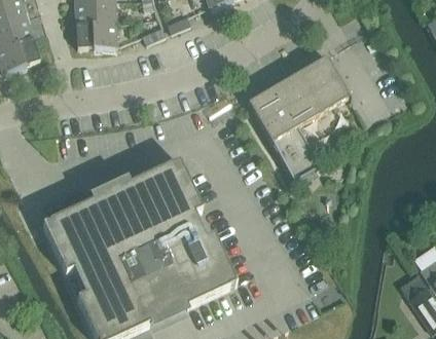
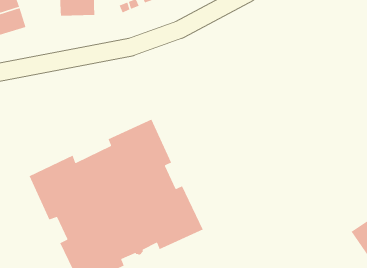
building: [249,55,353,184] -> none

